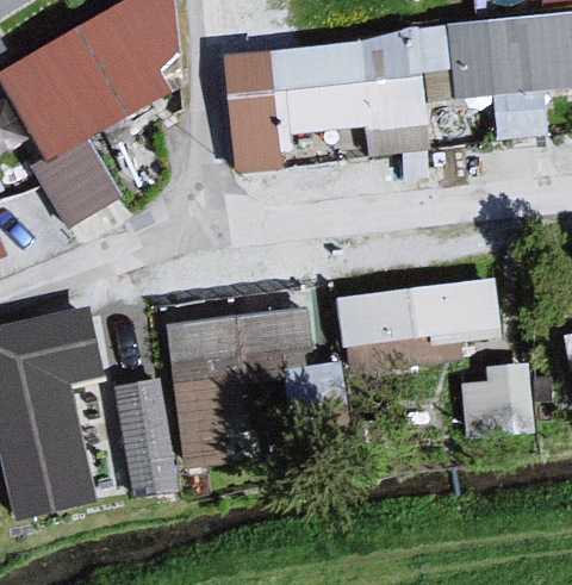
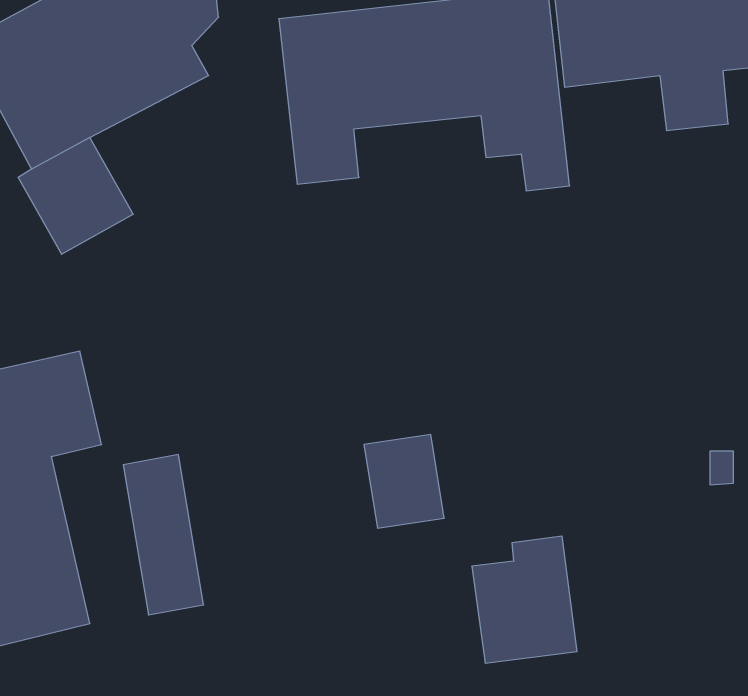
building: [338,270,497,362] -> none
building: [161,294,310,455] -> none
building: [458,353,533,443] -> [472,536,577,663]

